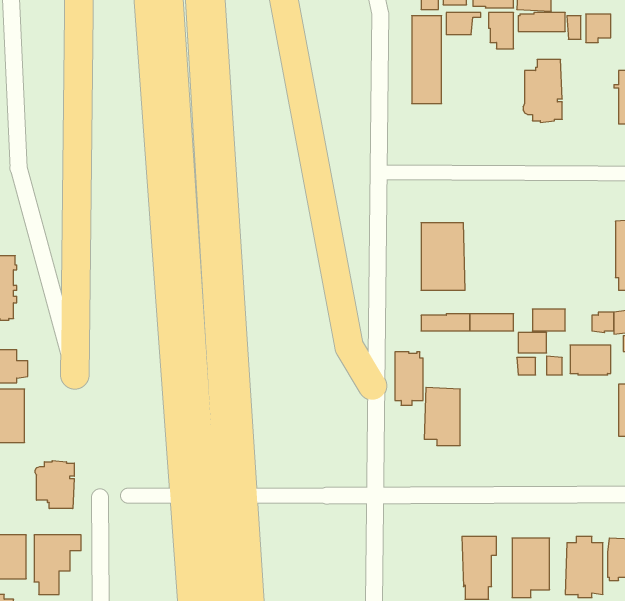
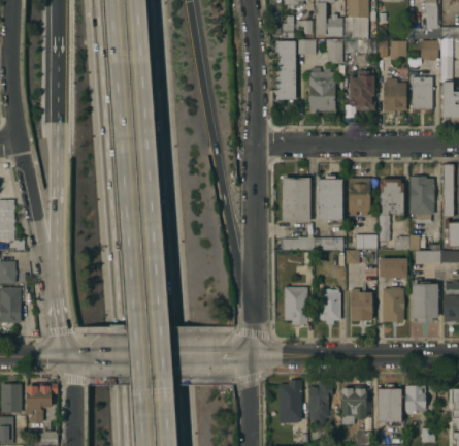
building: none -> [309,67,335,110]
building: none -> [384,75,406,110]
building: none -> [318,176,342,222]
building: none -> [348,178,370,216]
building: none -> [379,179,403,241]
building: [395,352,423,405] -> [322,288,340,323]
building: none -> [383,287,403,321]
building: none -> [351,288,372,320]
building: [35,461,74,509] -> none
building: none -> [278,381,301,422]

